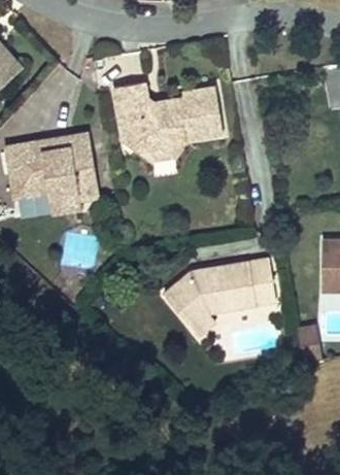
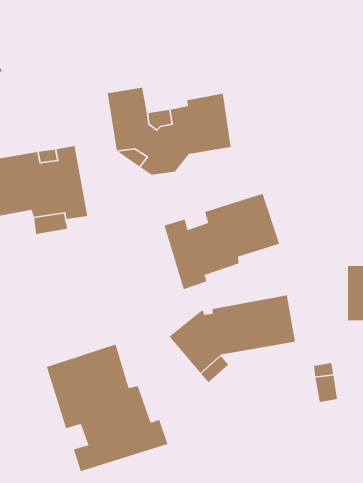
building: none -> [163,193,280,290]
building: none -> [46,343,168,472]

